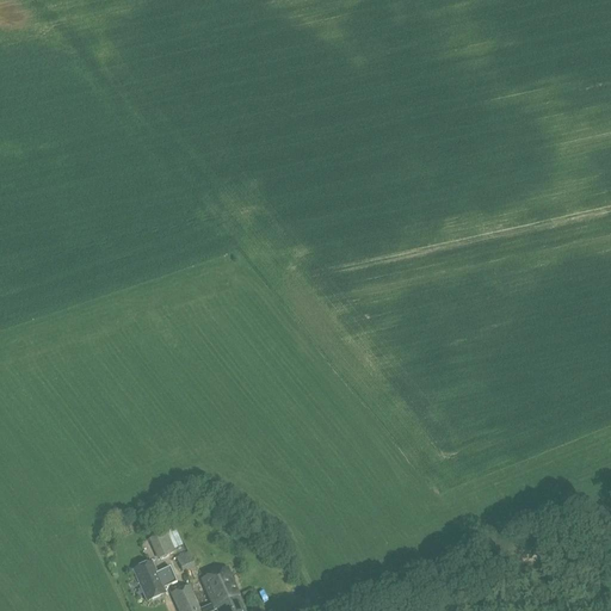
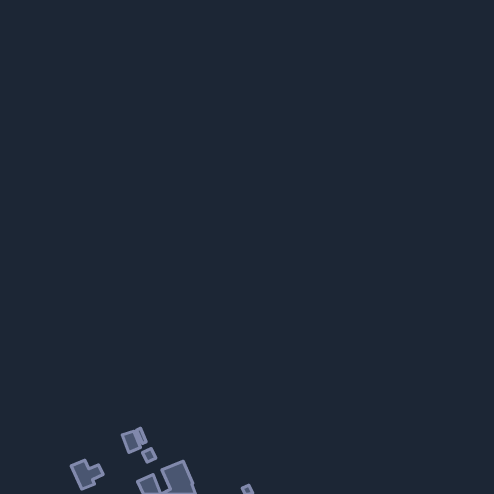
building: [134,563,173,599] -> [71,460,103,489]

